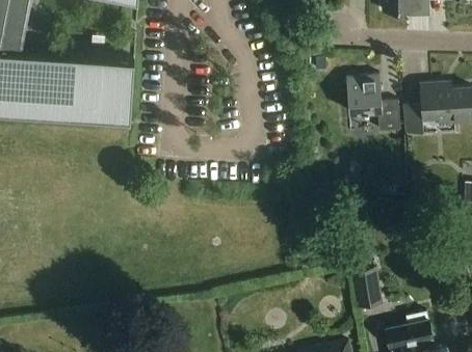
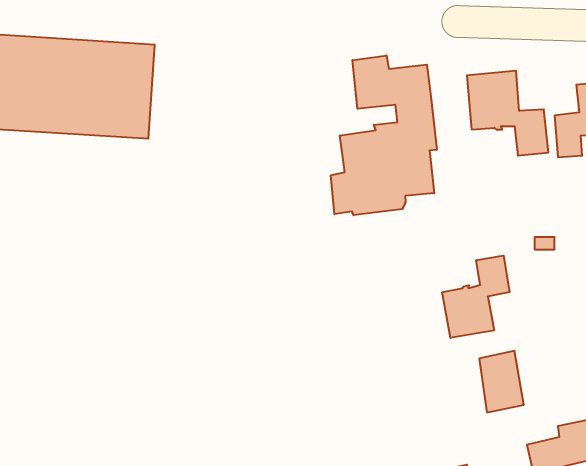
building: none -> [331,55,437,215]
building: none -> [442,256,509,338]

